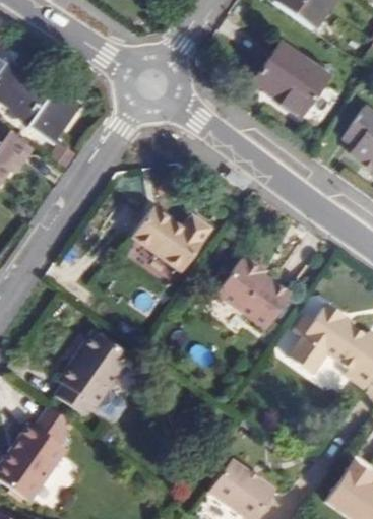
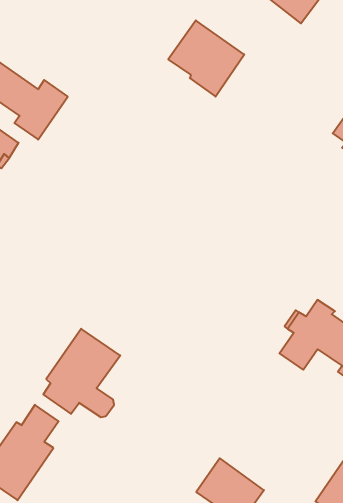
building: [254,42,329,117] -> [168,20,244,97]
building: [133,206,211,271] -> none
building: [217,254,292,328] -> none

